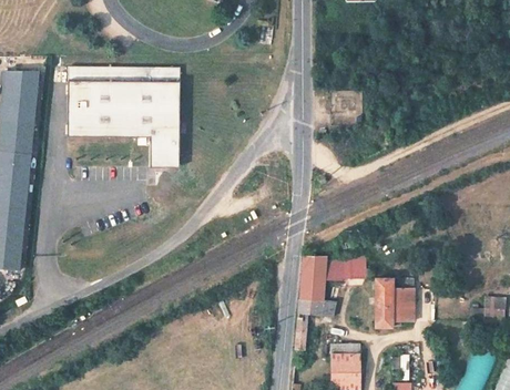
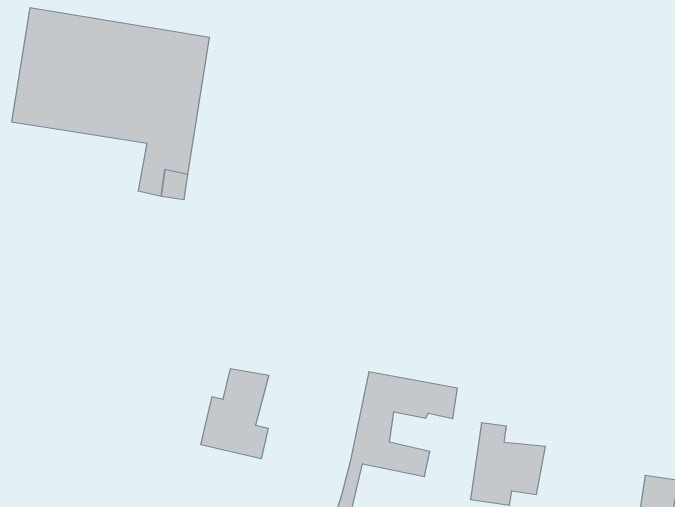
building: none -> [201,369,269,459]

